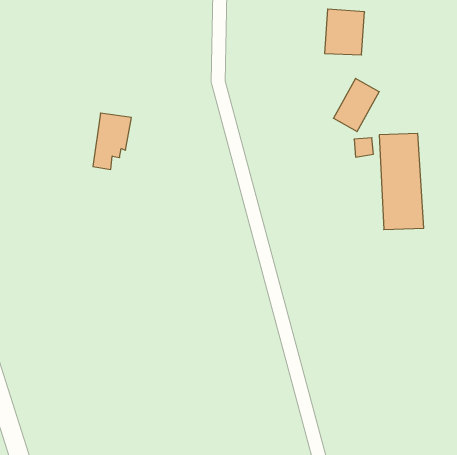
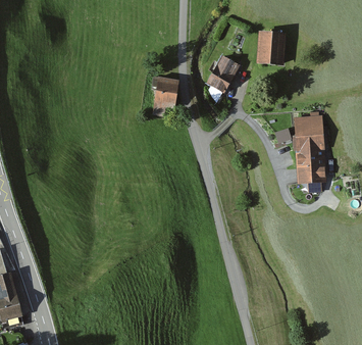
building: [333,78,379,132] -> [207,55,239,92]
building: [93,113,131,169] -> [153,78,179,116]

